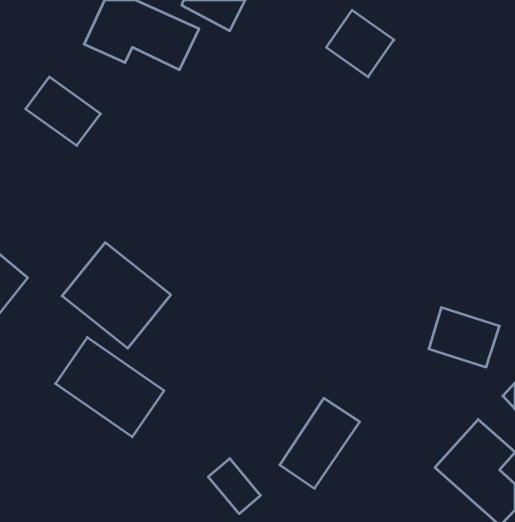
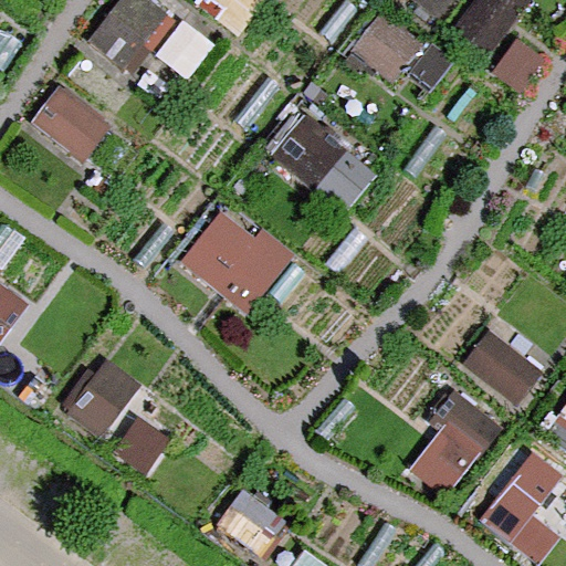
building: none -> [272,112,376,216]
building: [62,243,171,348] -> [178,201,295,315]
building: [280,398,360,488] -> [409,400,495,497]

